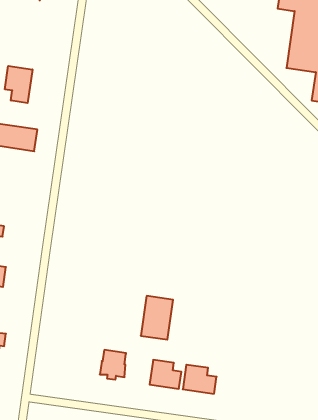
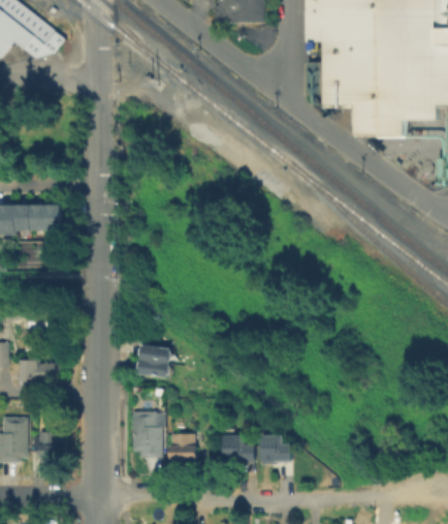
building: [5,66,32,103] -> none
building: none -> [139,342,172,374]
building: [141,296,173,340] -> [134,411,163,455]

